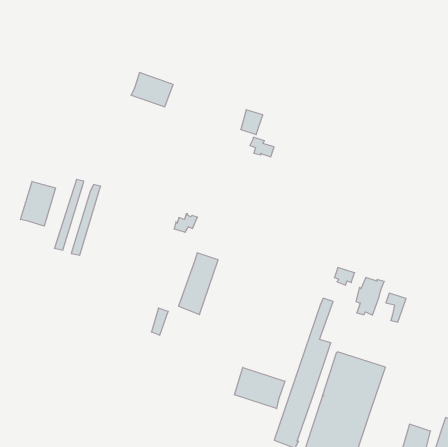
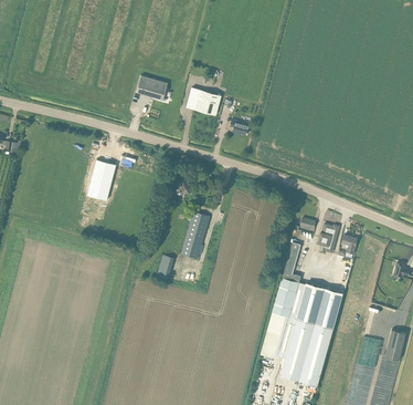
building: none -> [187,87,221,114]
building: [21,181,56,226] -> none
building: [234,367,285,409] -> none

